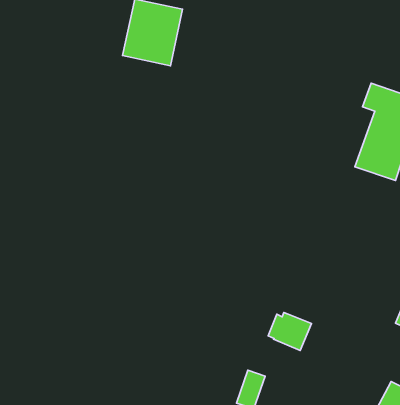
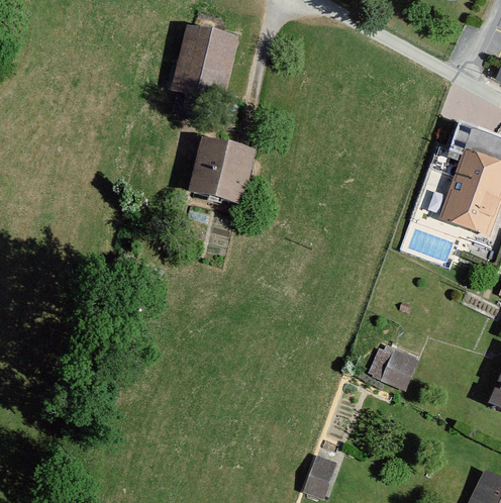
building: none -> [192,136,254,204]
building: [268,312,312,351] -> [369,344,419,389]

